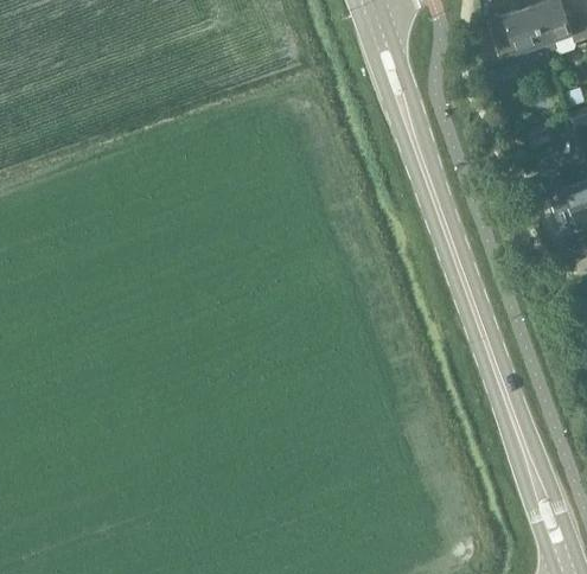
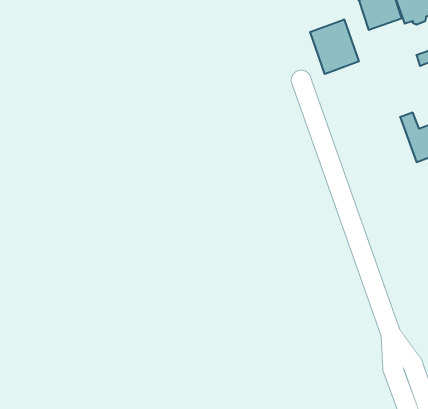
building: none -> [310,19,359,74]

